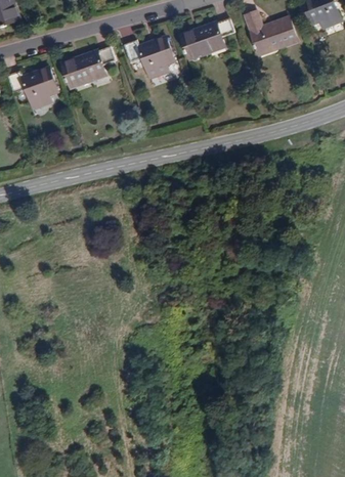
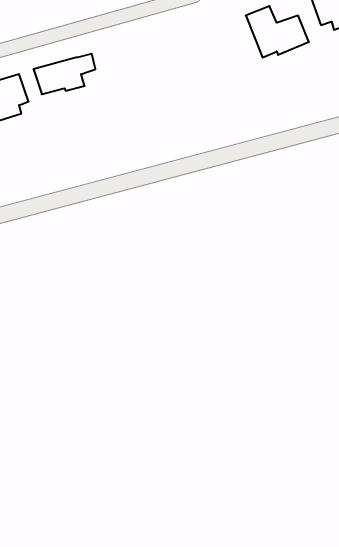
building: [182,21,235,59] -> none
building: [125,38,174,78] -> none

